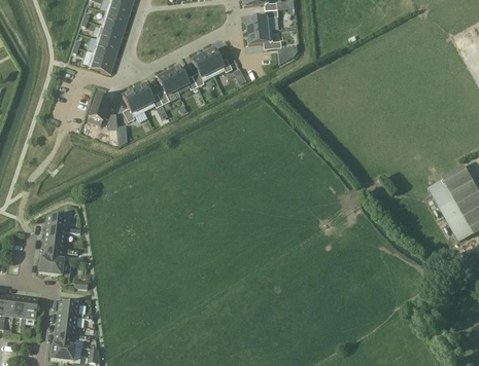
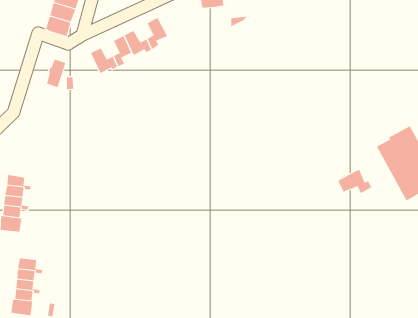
building: [204,46,234,72] -> none
building: [123,89,144,121] -> none
building: none -> [338,169,372,194]

